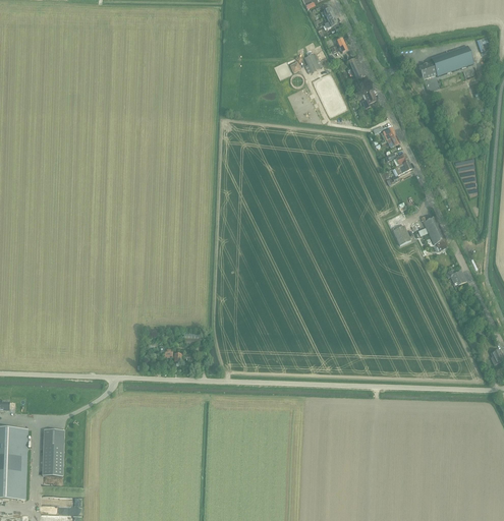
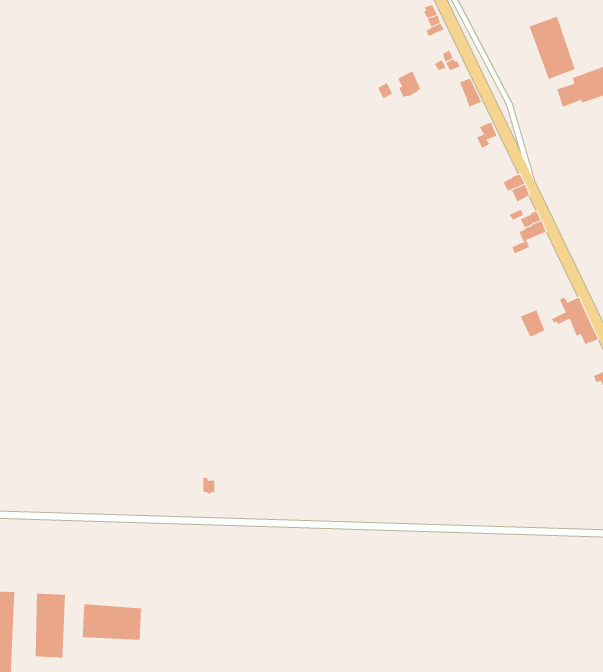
building: none -> [529,16,575,80]
building: none -> [82,604,141,640]

